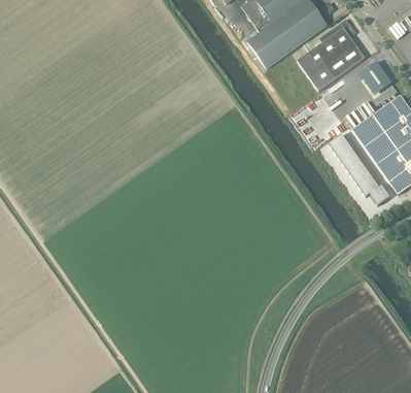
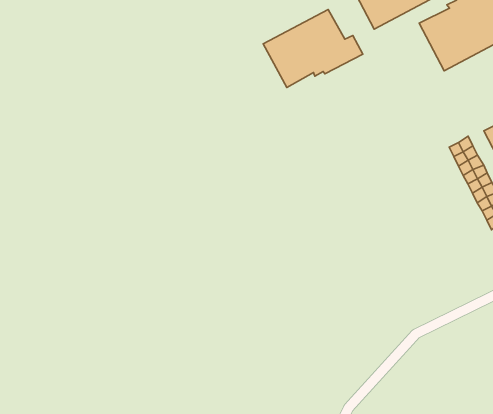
building: none -> [263,9,363,87]

